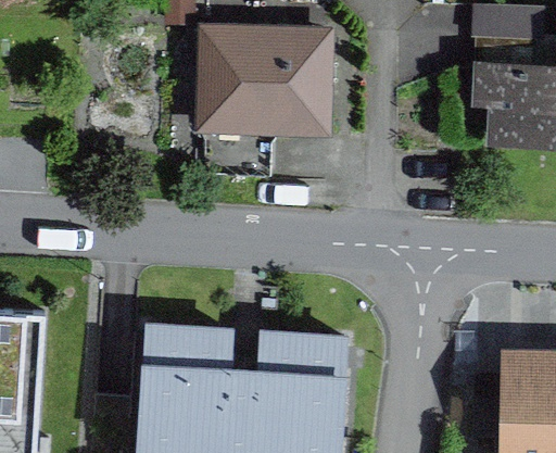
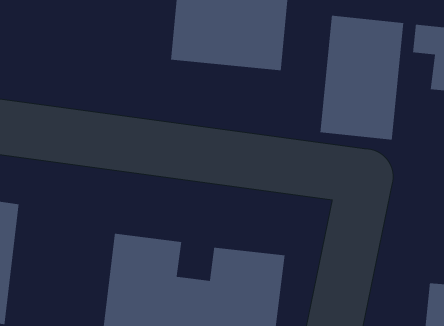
building: none -> [319,15,404,140]

